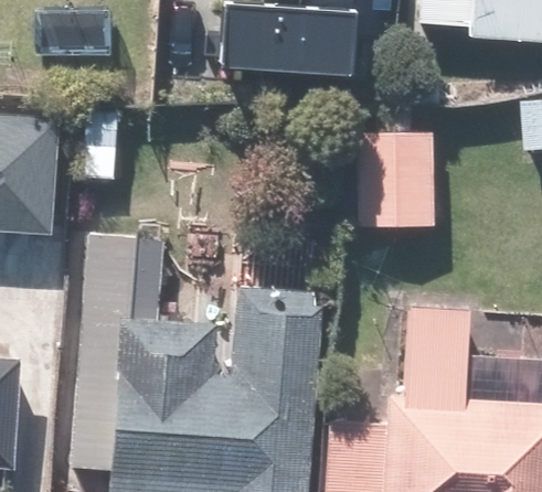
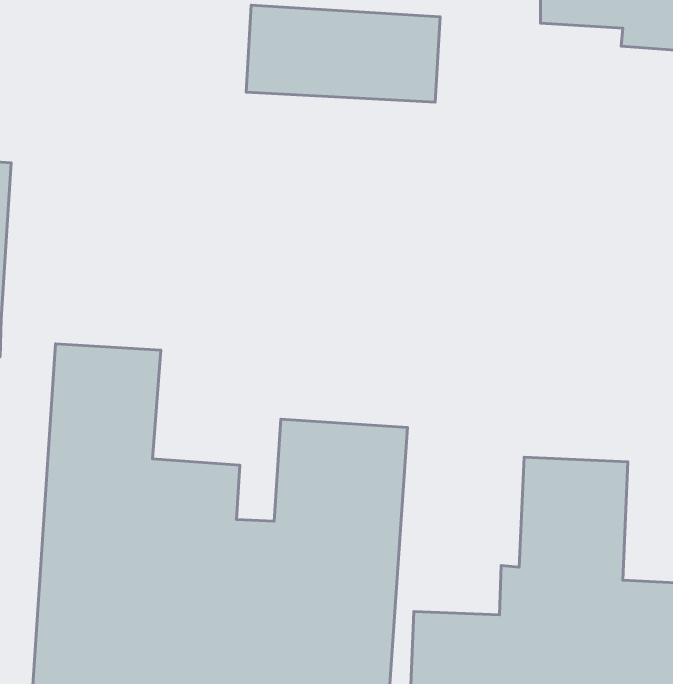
building: [359,132,438,226] -> none

